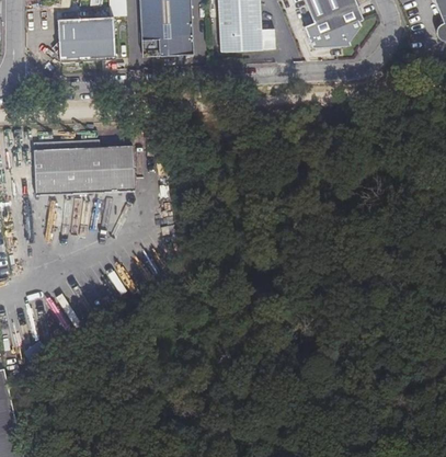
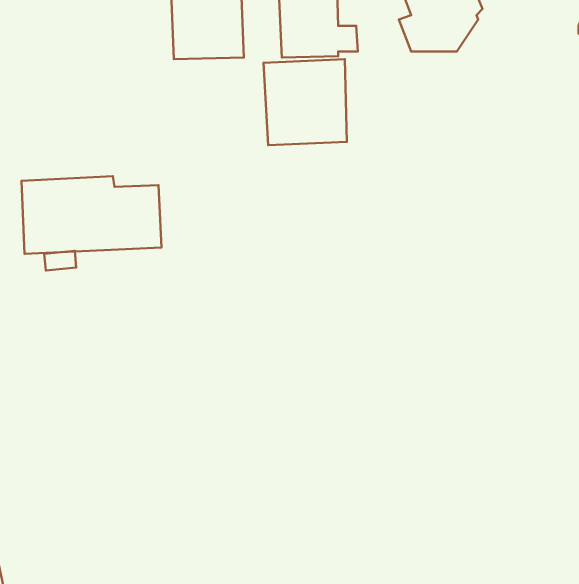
building: [49,16,116,61] -> none
building: none -> [263,59,347,145]

